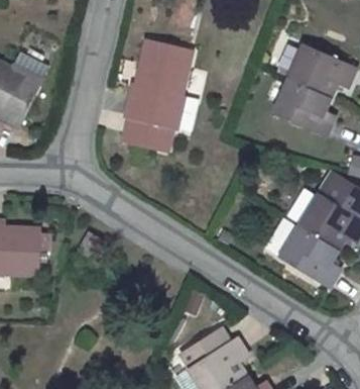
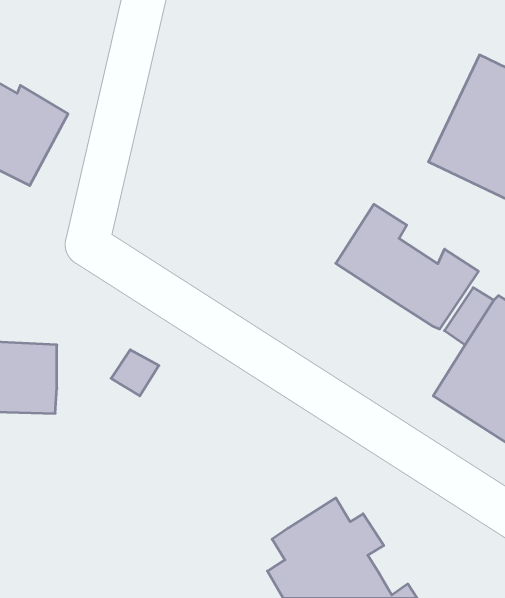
building: [124,35,202,148] -> none
building: none -> [336,204,478,329]

